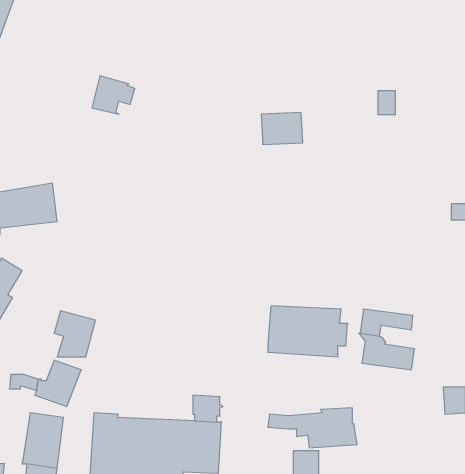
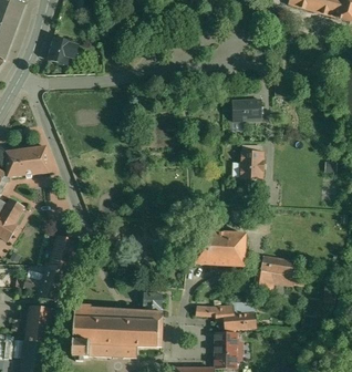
building: [92,76,135,114] -> [48,37,77,63]
building: [261,112,303,144] -> [231,99,260,121]
building: none -> [240,152,263,177]
building: [360,309,413,336] -> [258,270,294,289]

